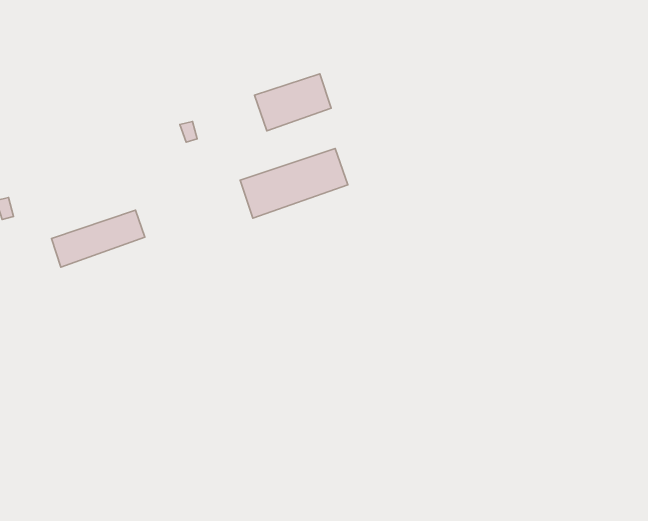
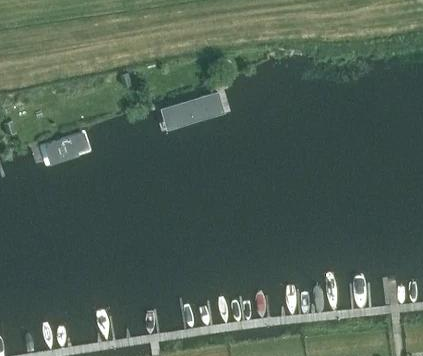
building: [255,74,331,131] -> none

